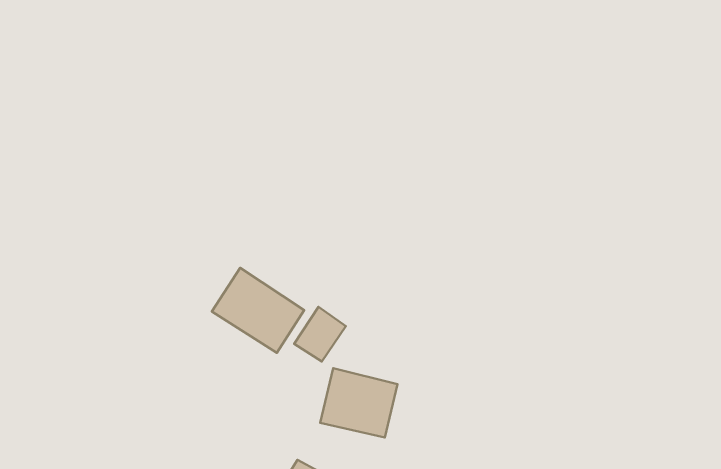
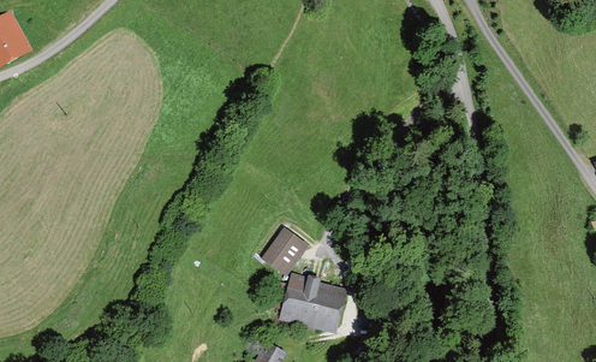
building: [212,268,304,353] -> none

